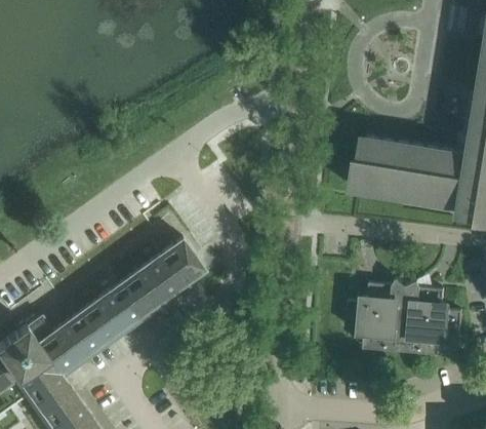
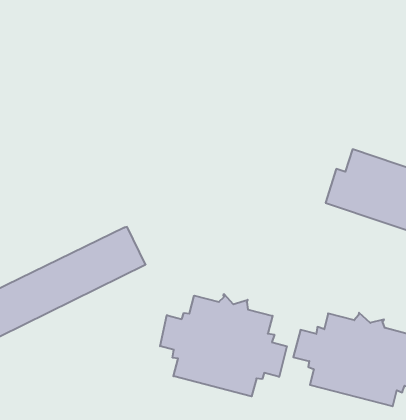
building: none -> [160,294,287,396]

